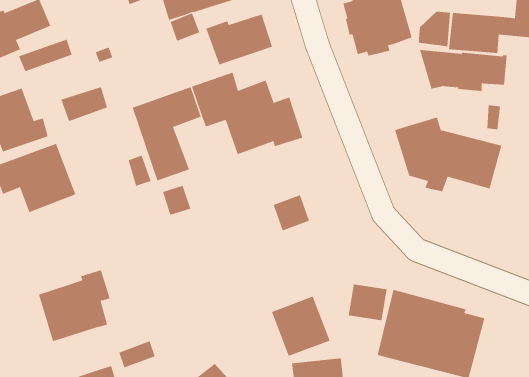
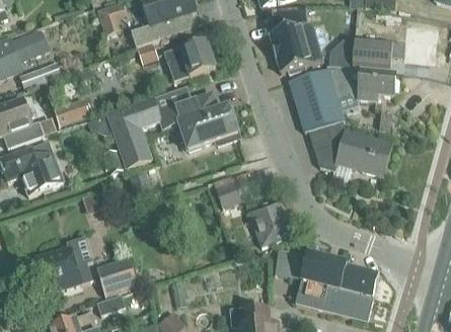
building: none -> [289,68,344,131]
building: none -> [96,256,138,295]
building: [271,296,330,357] -> [248,198,294,245]

